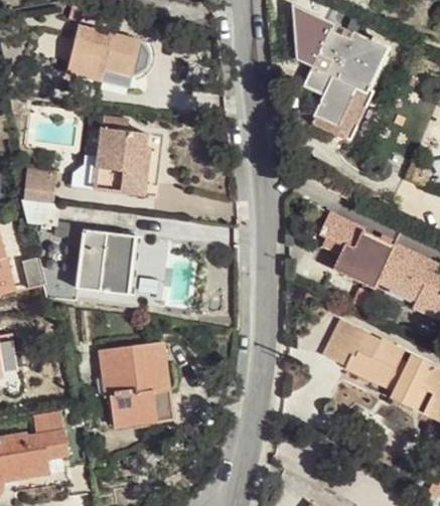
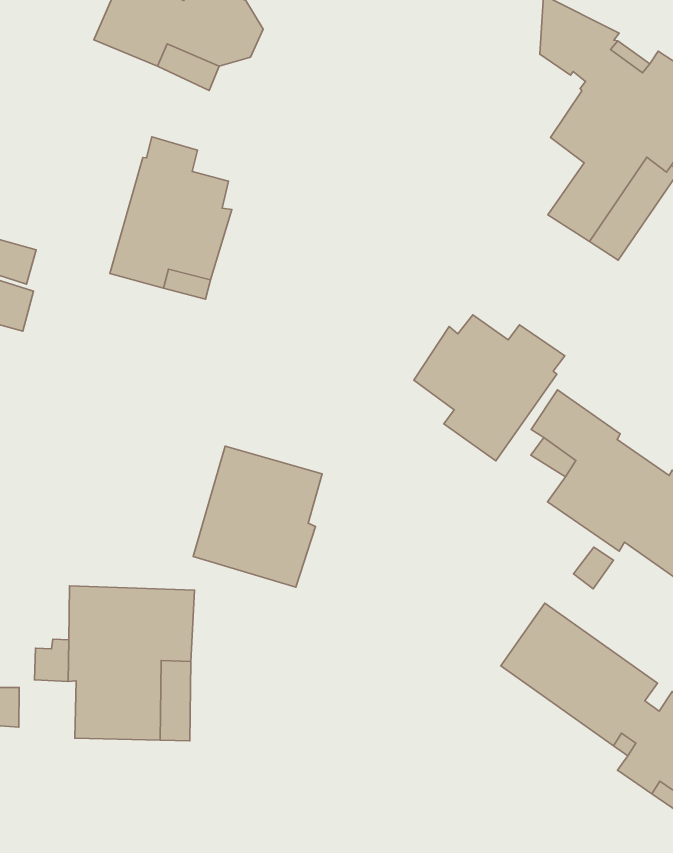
building: none -> [414,315,565,461]
building: [77,229,136,295] -> [193,446,322,587]

